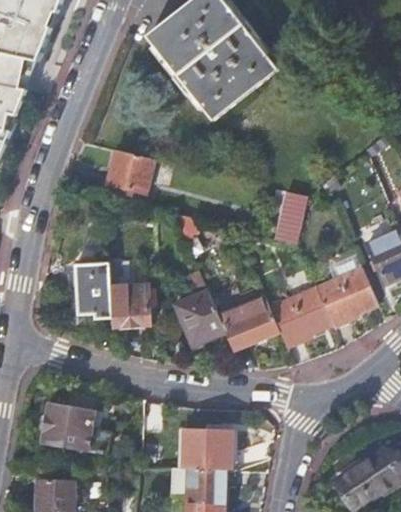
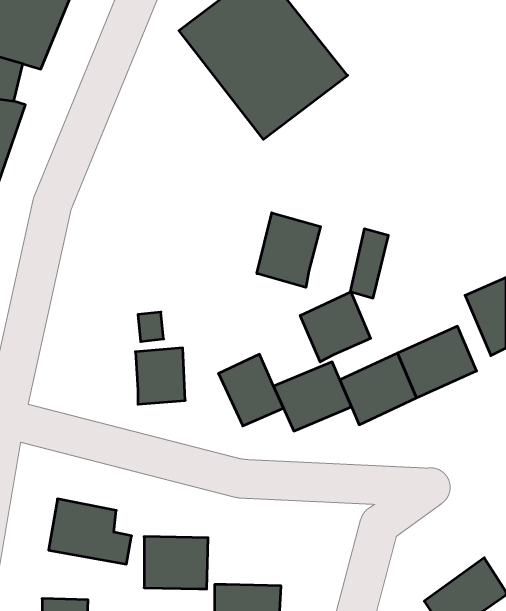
building: [107,149,153,192] -> none
building: none -> [257,213,321,287]
building: none -> [300,292,371,362]
building: [74,262,112,319] -> none
building: [181,429,231,470] -> [144,537,208,589]

